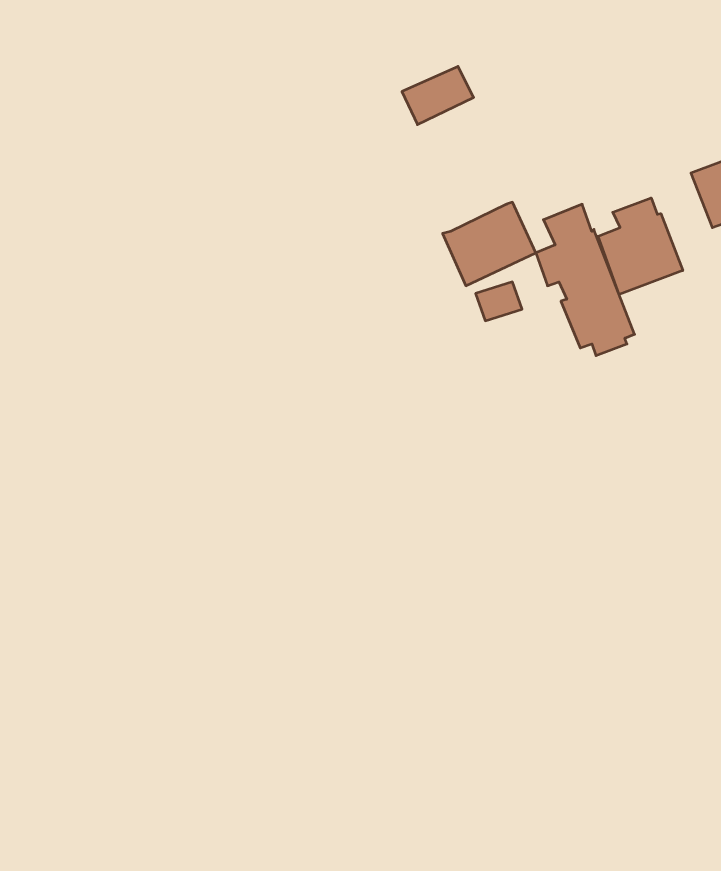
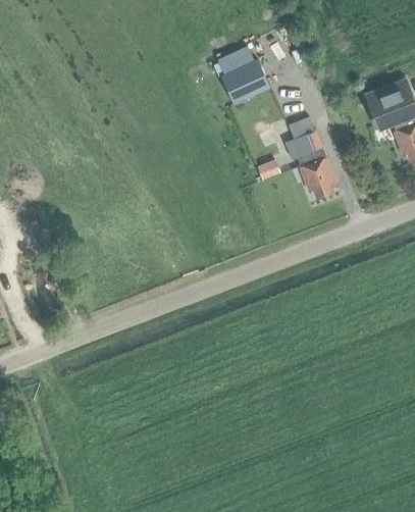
building: [598,198,683,294] -> none
building: [443,202,536,286] -> [220,60,269,104]

